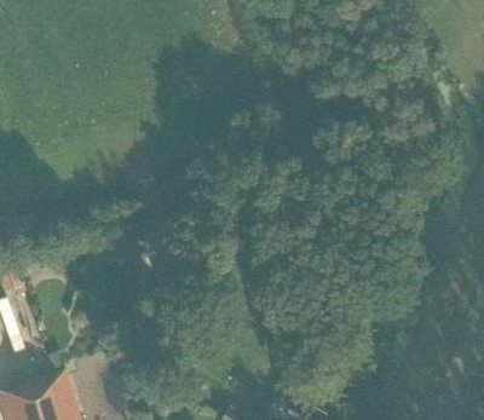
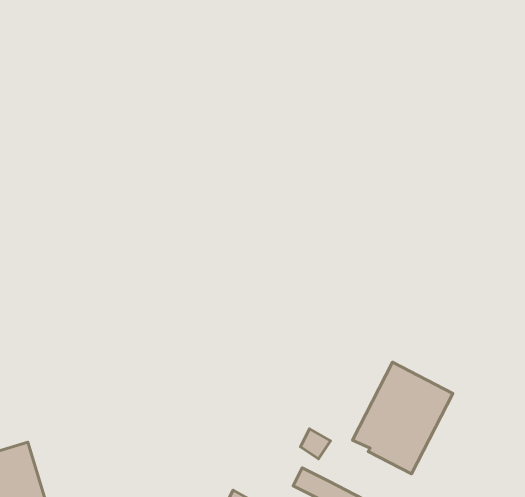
building: none -> [353,362,453,474]

